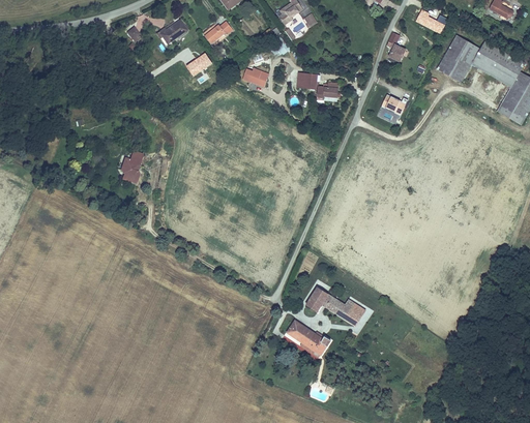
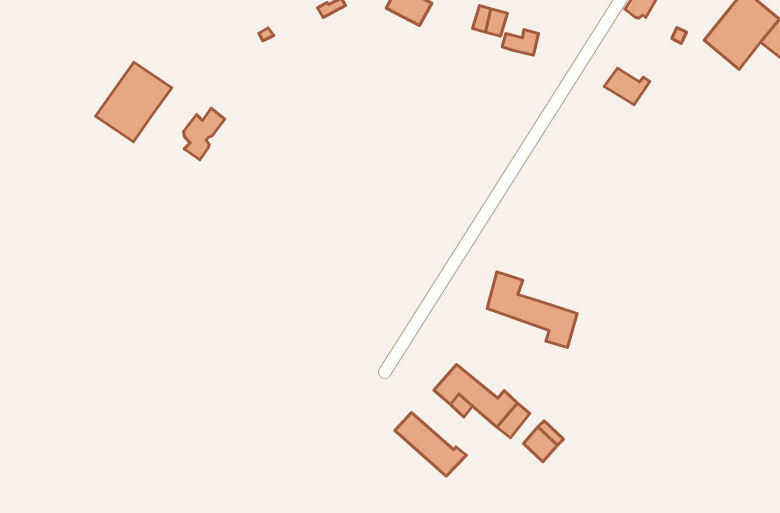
building: none -> [96,62,172,142]
building: none -> [487,272,577,348]

